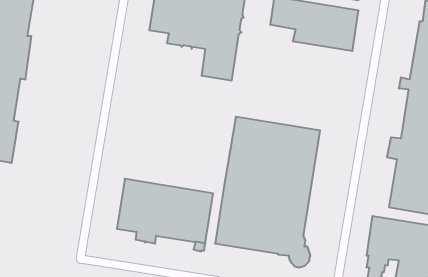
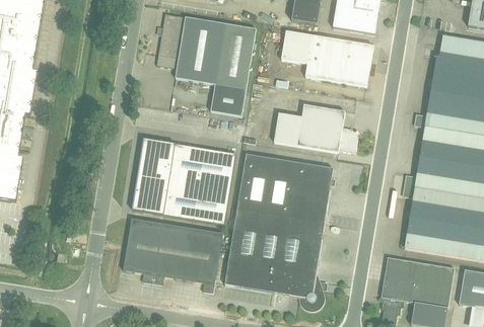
building: none -> [275,103,358,152]
building: none -> [134,137,236,223]

